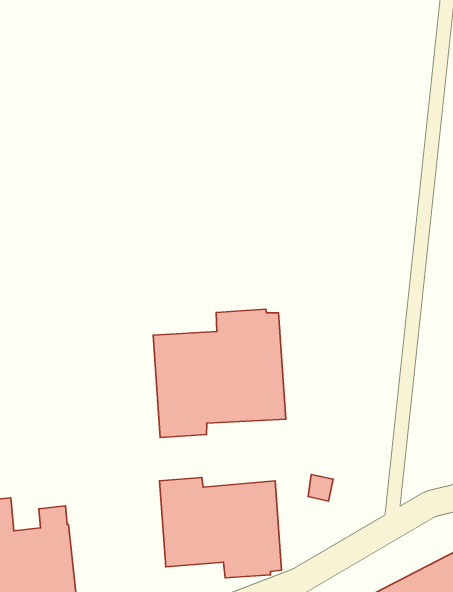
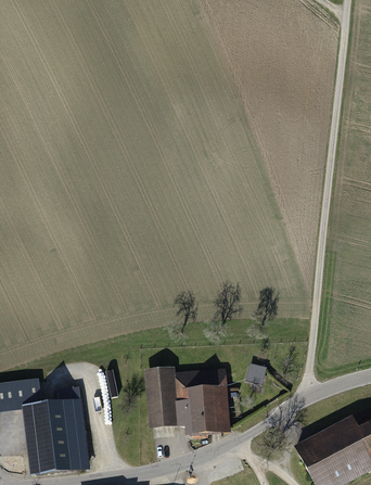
building: [153,309,286,438] -> none

